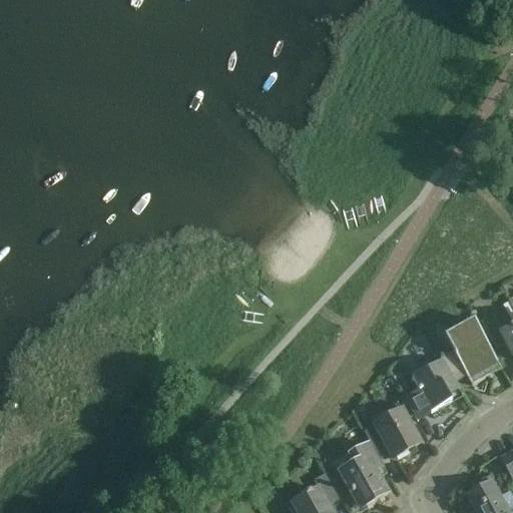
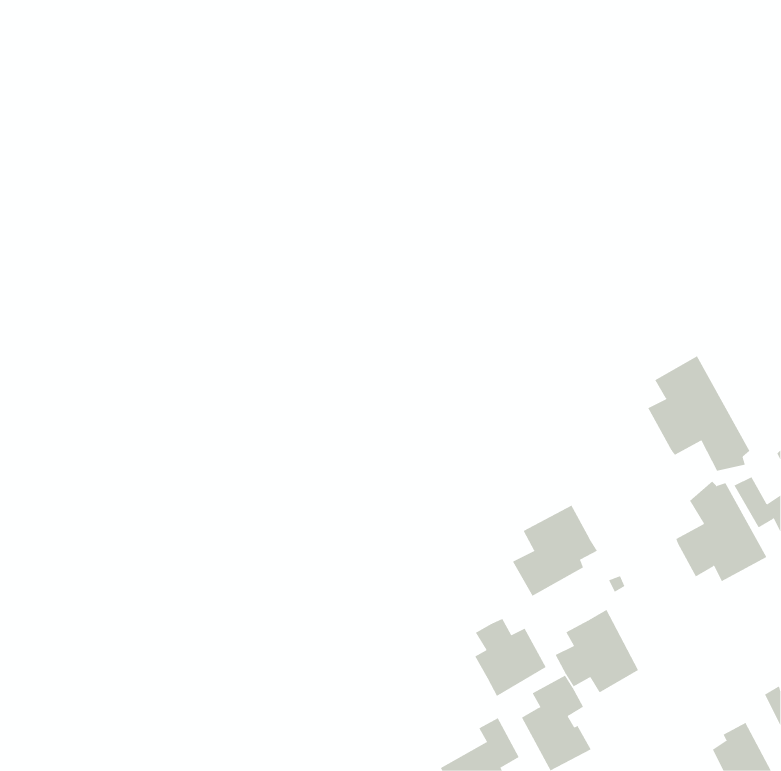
building: none -> [647,355,750,472]
building: [405,357,461,417] -> [512,505,598,597]
building: none -> [474,618,546,697]

